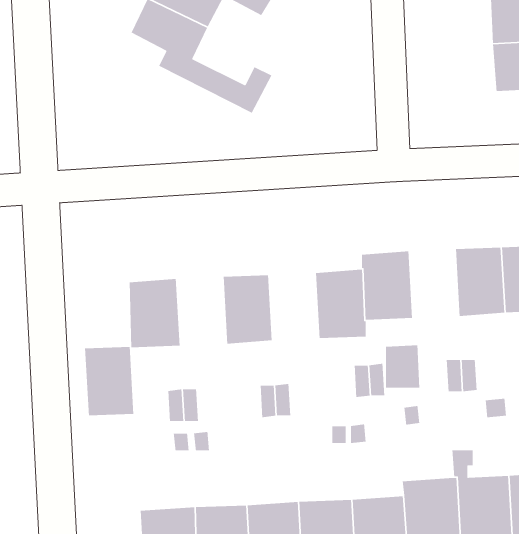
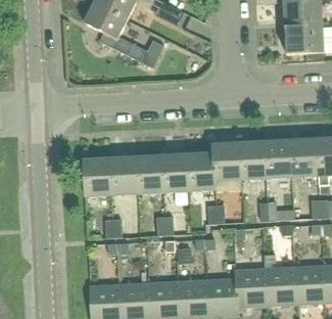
building: none -> [239,141,267,180]
building: none -> [161,154,189,192]
building: [84,346,134,416] -> [110,156,138,195]

